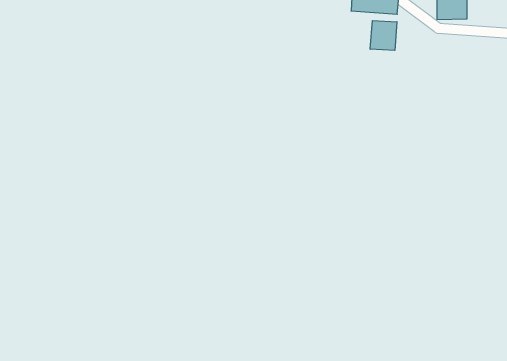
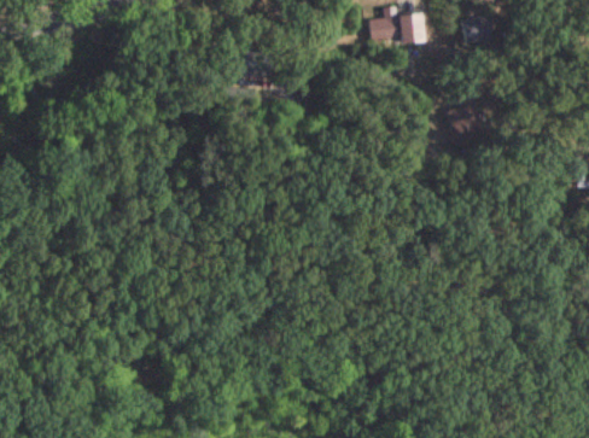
building: [370,21,397,50] -> none

